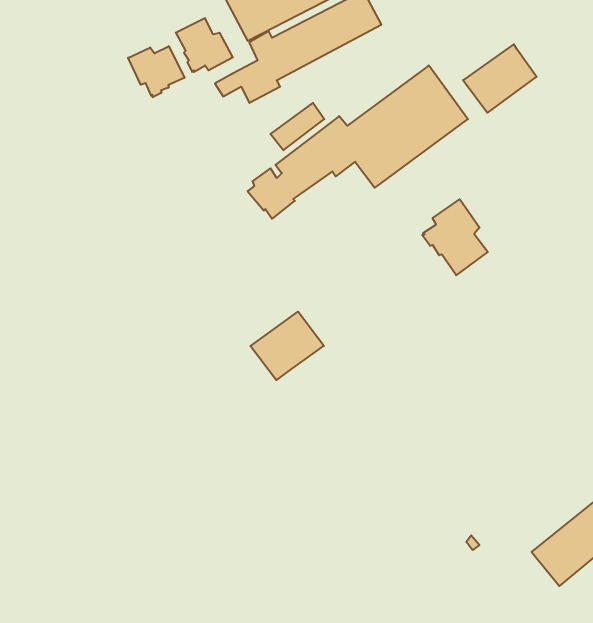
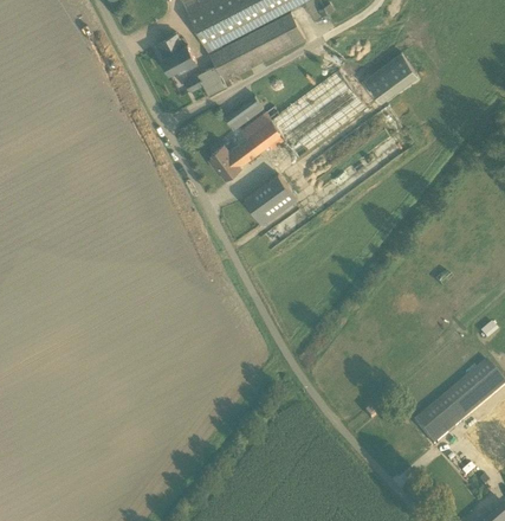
building: [128,46,185,97] -> none
building: [422,199,488,275] -> none
building: [250,312,324,380] -> [241,173,294,223]

